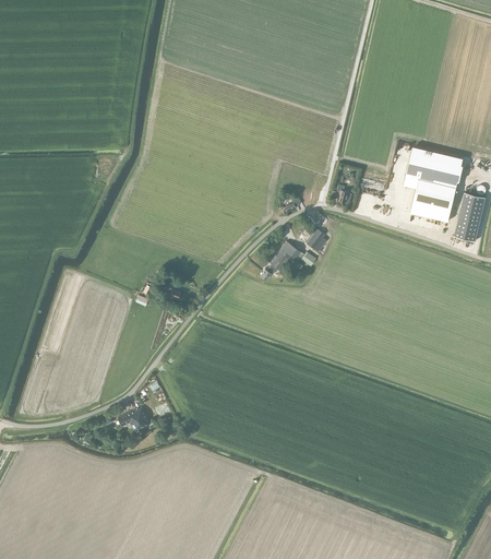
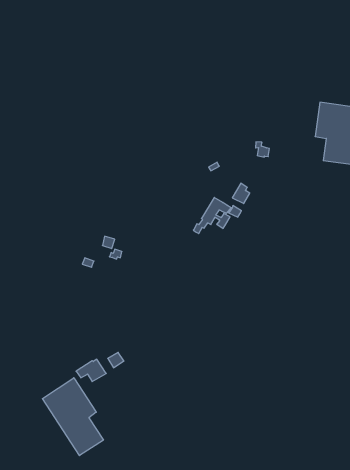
building: none -> [42,378,103,456]

